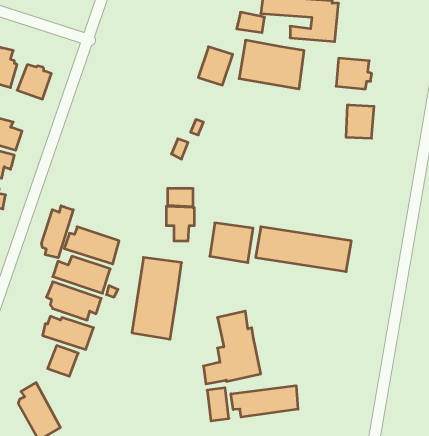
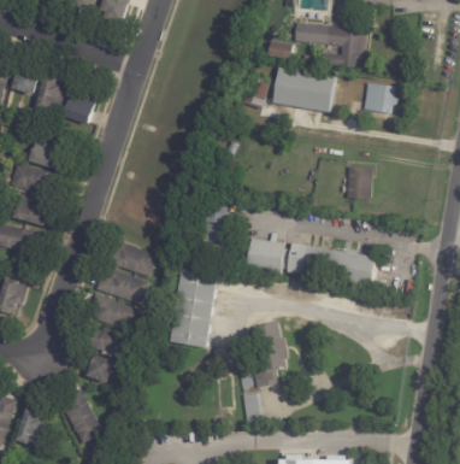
building: [346,105,374,138] -> [346,168,372,199]
building: [42,206,73,258] -> none
building: [231,386,298,417] -> none

